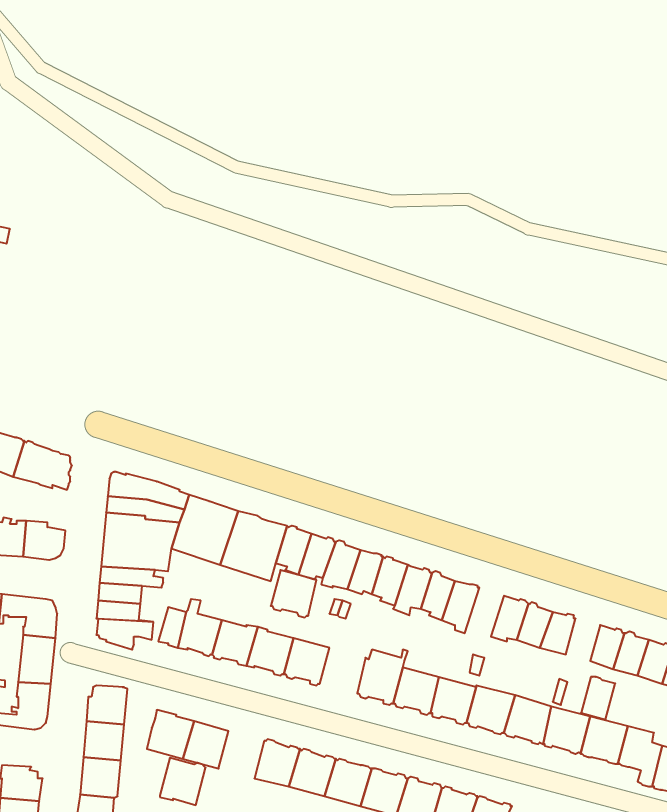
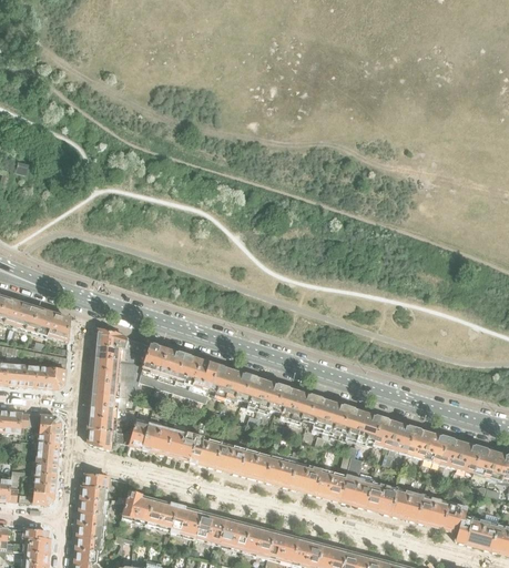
building: [271,570,316,617] -> [241,448,272,480]
building: none -> [339,407,366,440]
building: [581,677,615,719] -> [408,428,431,457]
building: [160,758,206,805] -> [172,505,203,537]

